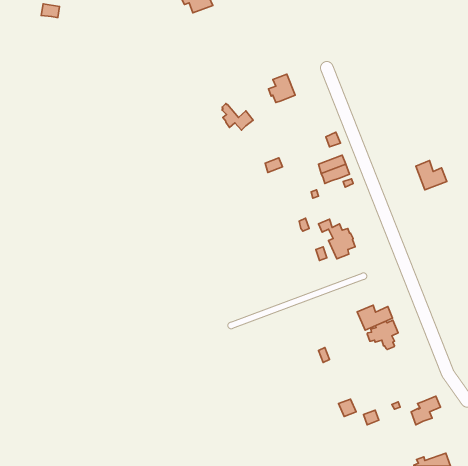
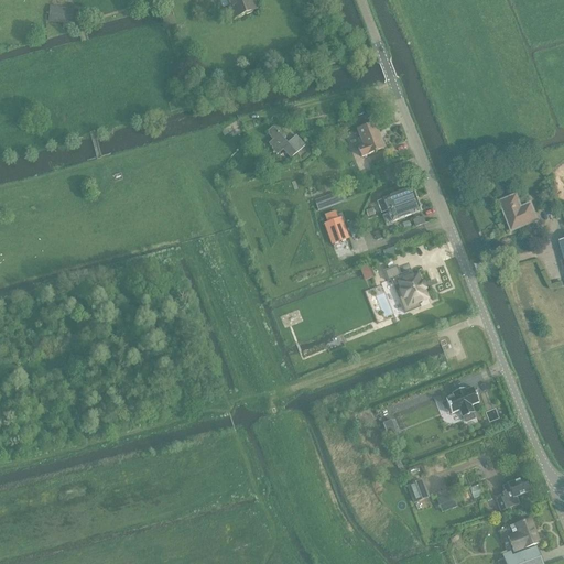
building: [268,74,295,103] -> [350,121,382,155]
building: none -> [323,208,348,242]
building: [357,305,393,330] -> none
building: none -> [507,517,539,550]

